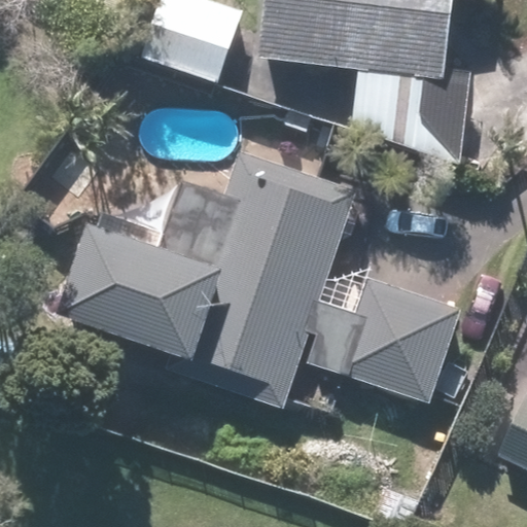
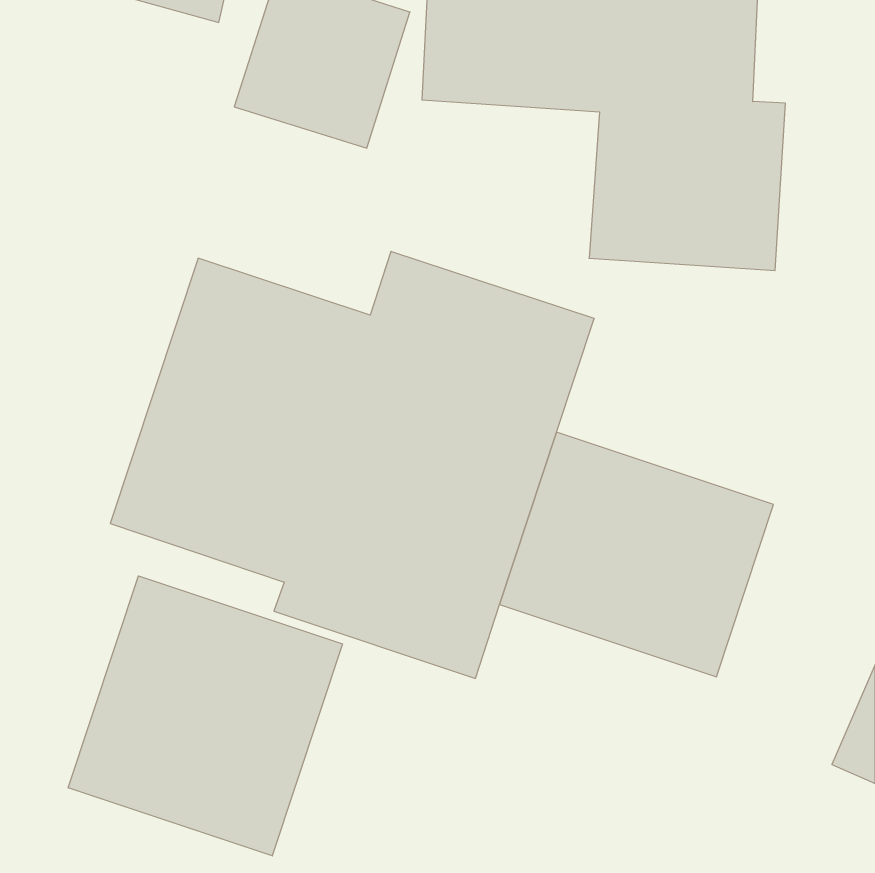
building: none -> [68,576,342,856]

